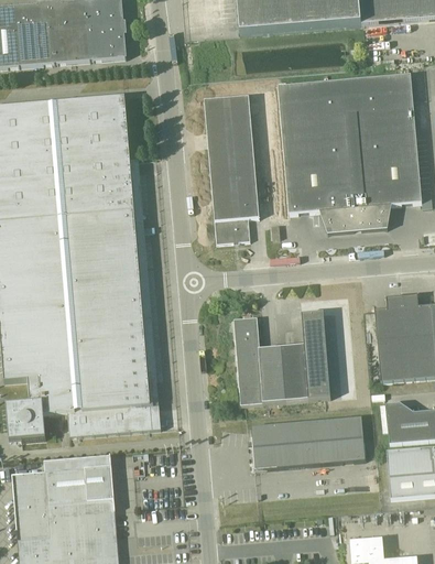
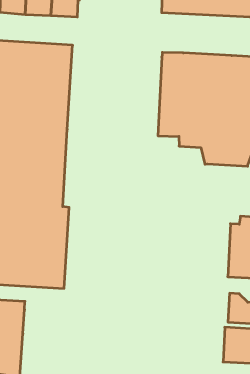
building: [204,95,260,242] -> none
building: [233,314,342,404] -> none
building: [251,416,366,469] -> none

